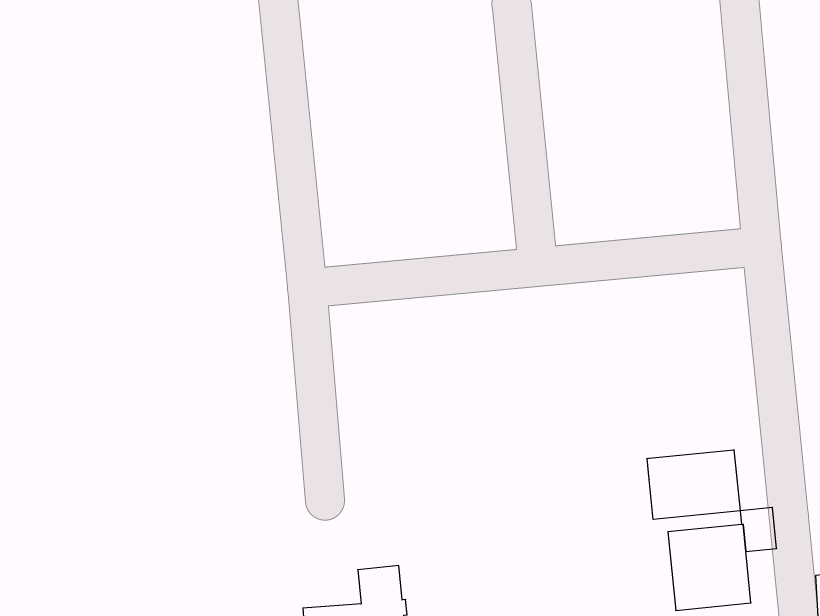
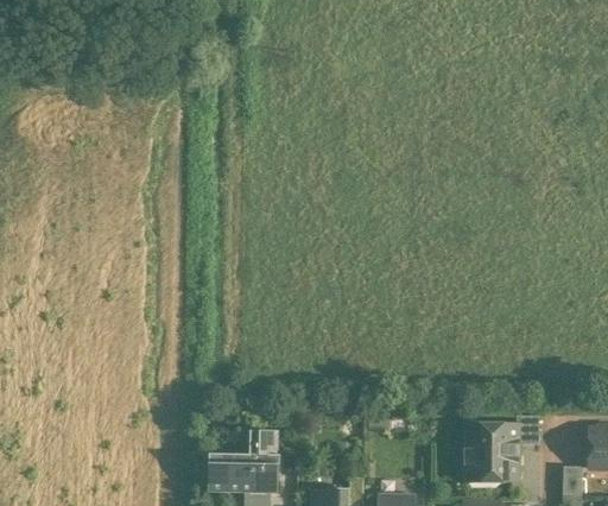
building: [647,450,740,519] -> none

